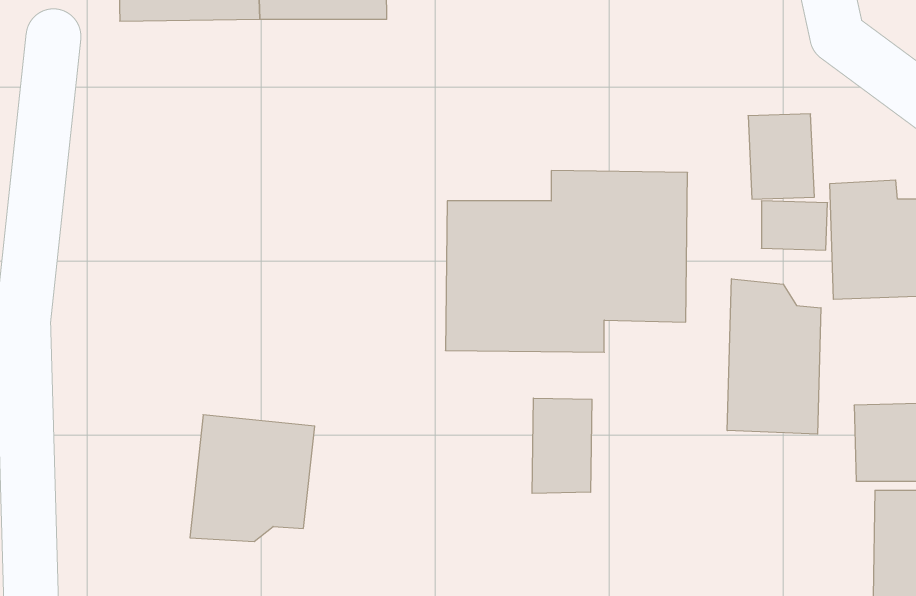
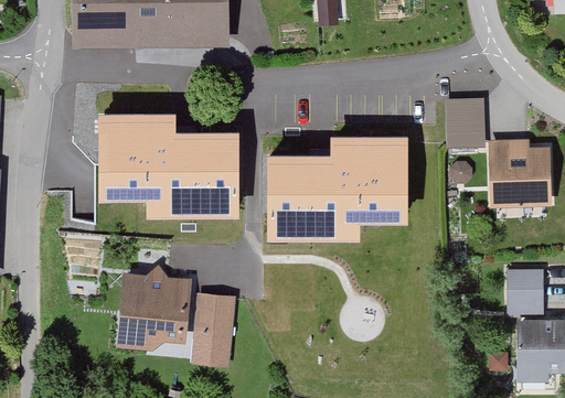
building: none -> [95,111,238,216]
building: [727,279,821,434] -> none
building: [532,398,592,493] -> none
building: none -> [193,295,234,348]

